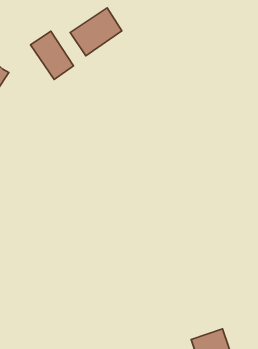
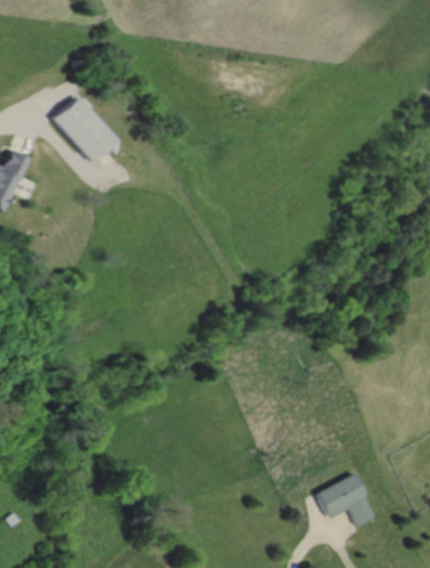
building: [70,8,122,56] -> none

